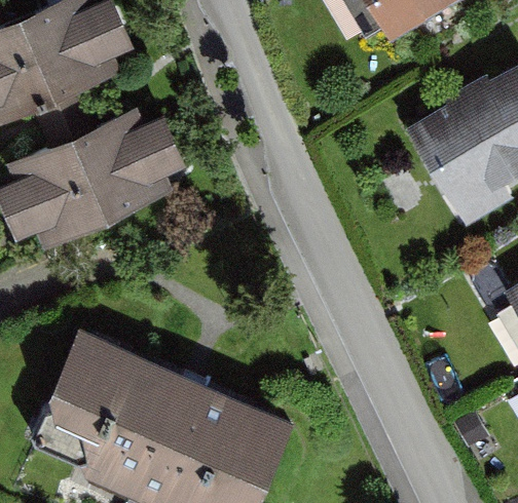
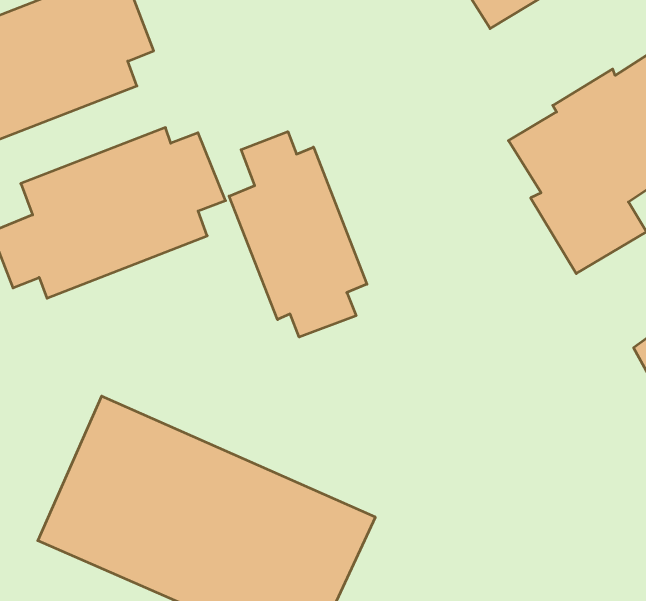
building: none -> [229,132,367,337]

